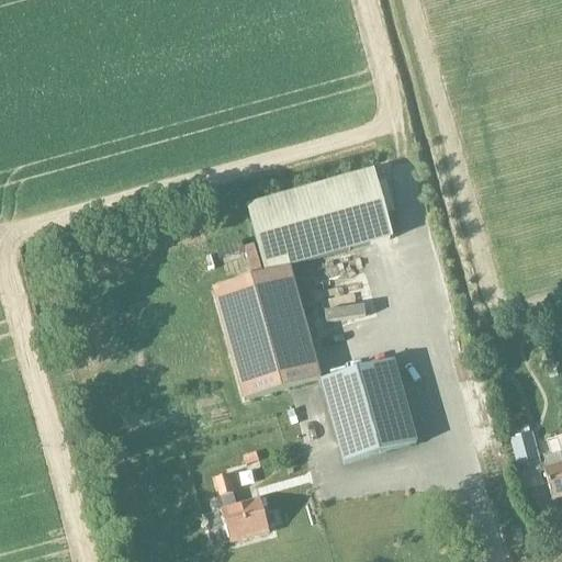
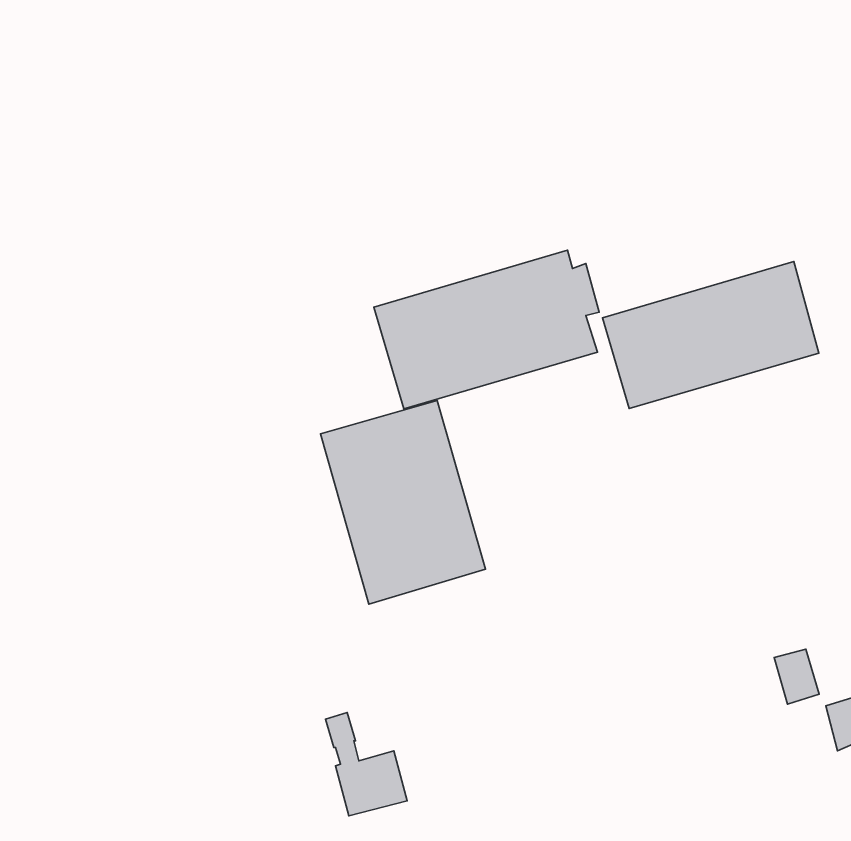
building: none -> [603,261,819,409]
building: [321,356,417,459] -> none

